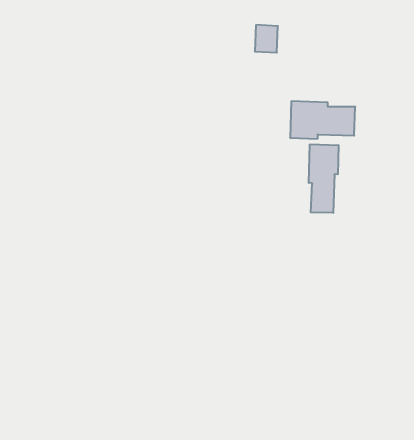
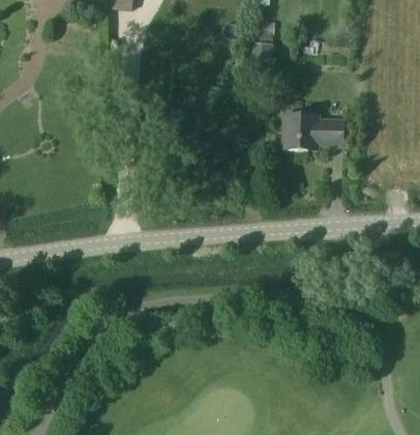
building: [309,144,338,213] -> none

